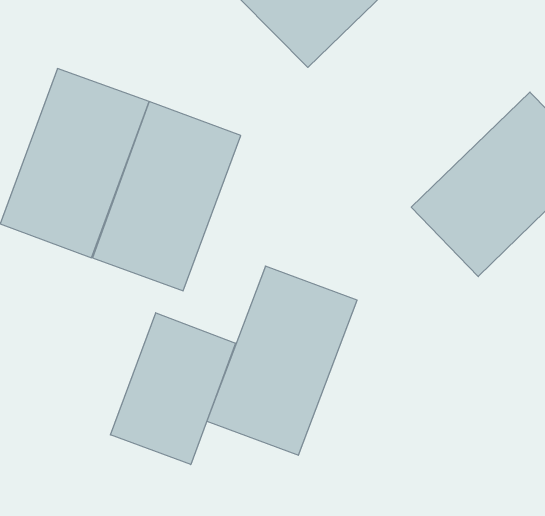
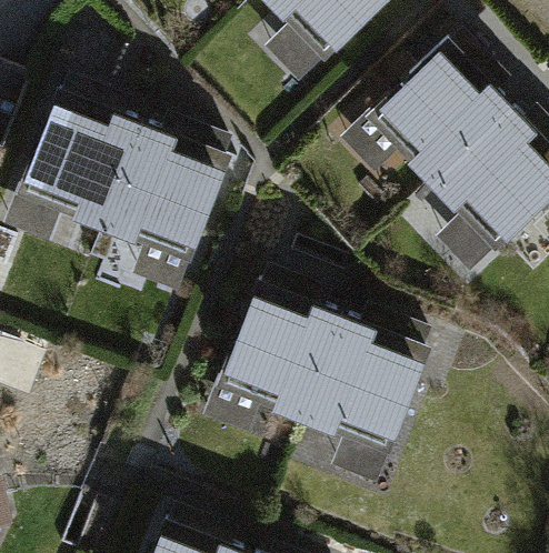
building: none -> [332,42,510,218]
building: none -> [291,305,433,485]
building: [110,313,235,465] -> none

